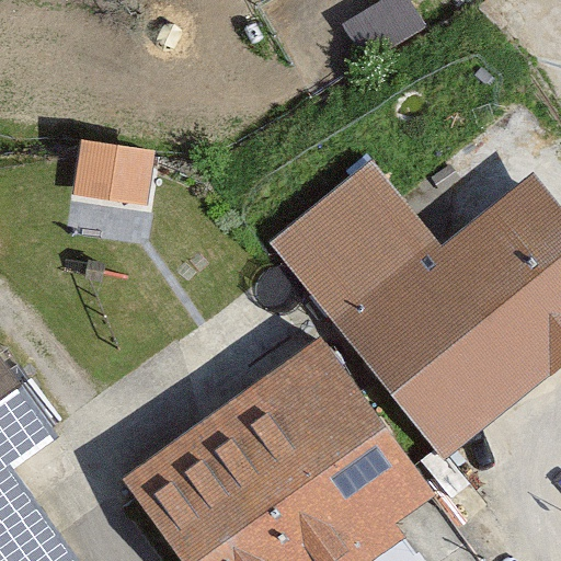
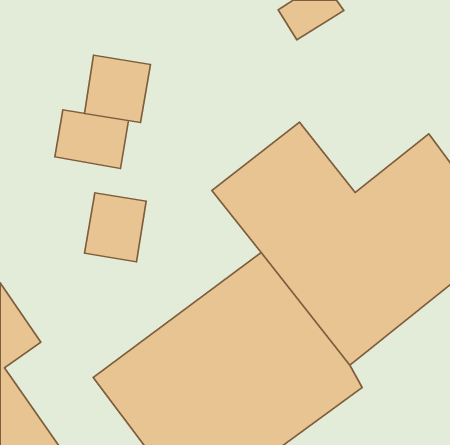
building: none -> [85,55,151,123]
building: none -> [85,193,146,262]

